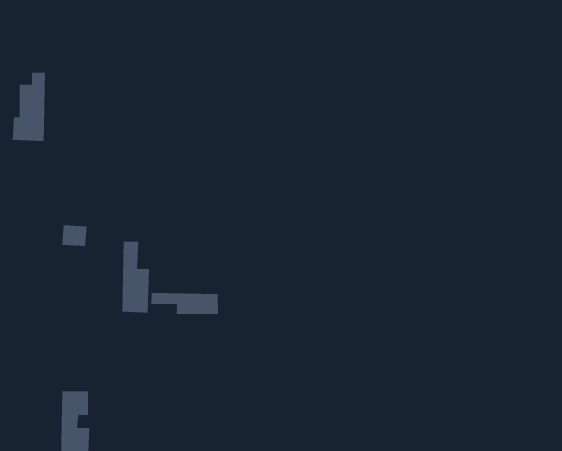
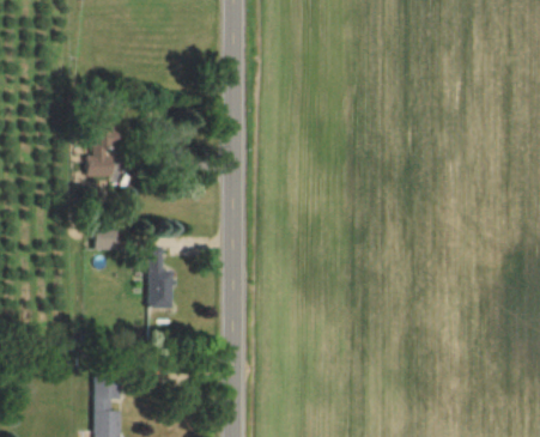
building: [12,72,46,141] -> [87,116,117,177]
building: [151,292,218,315] -> none

